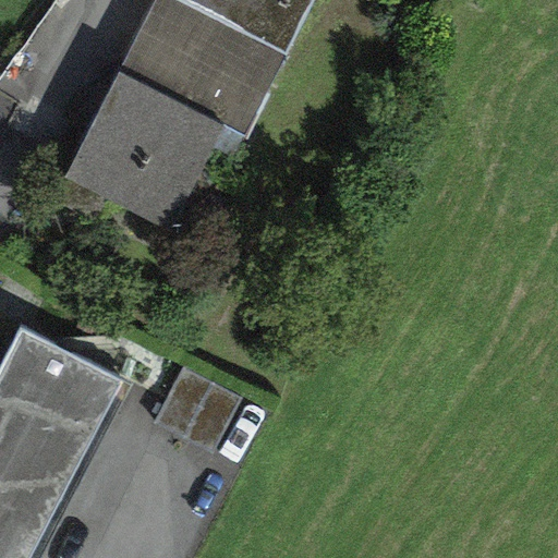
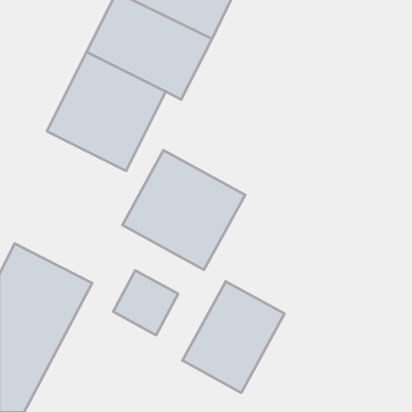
building: none -> [122,150,245,270]
building: none -> [182,281,284,393]

